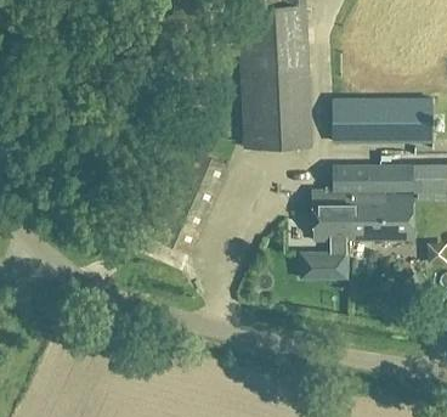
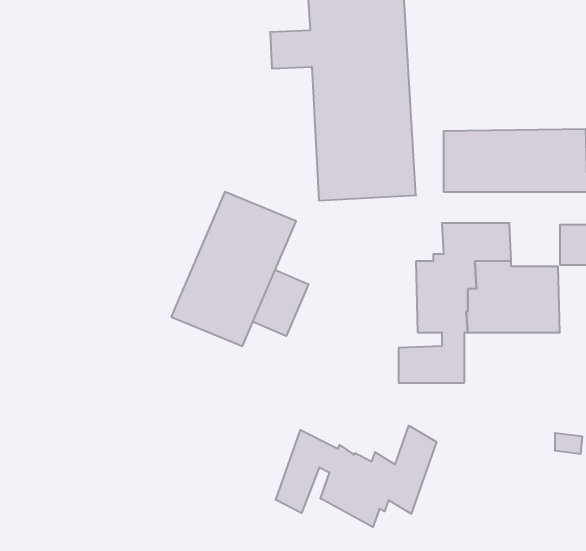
building: [378,164,412,191] -> none
building: none -> [253,270,308,336]
building: none -> [276,426,437,527]

